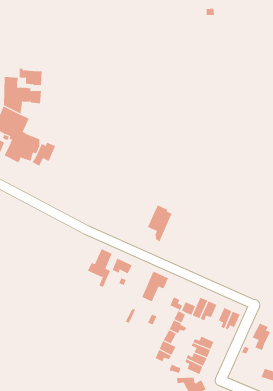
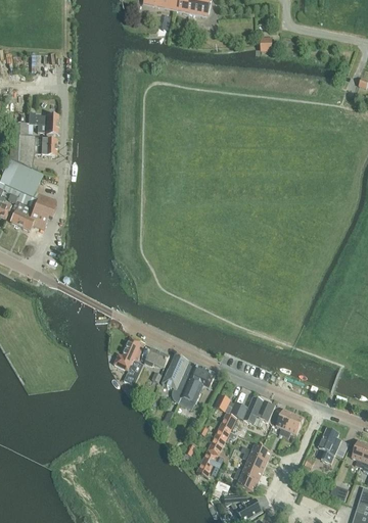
building: [32,142,56,167] -> none
building: [147,205,173,243] -> [163,355,194,402]

